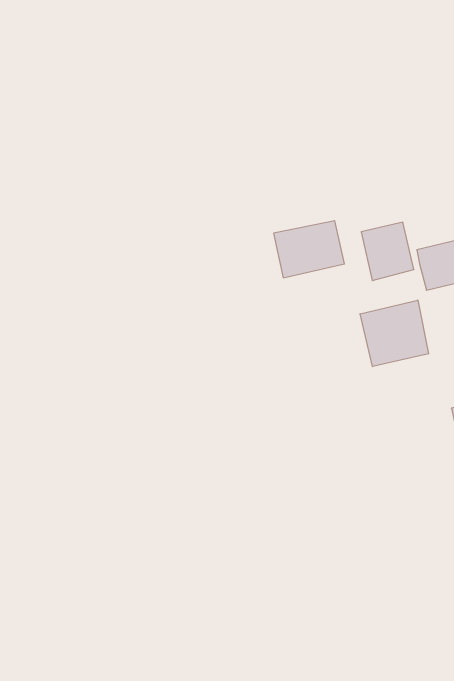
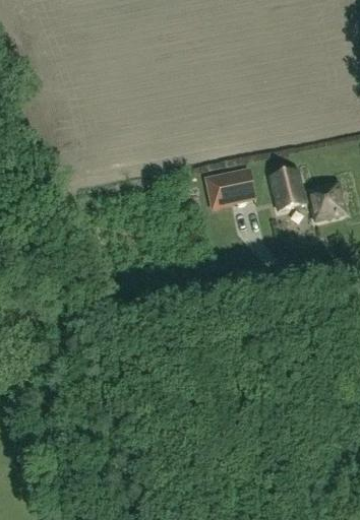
building: [360,300,429,367] -> none

